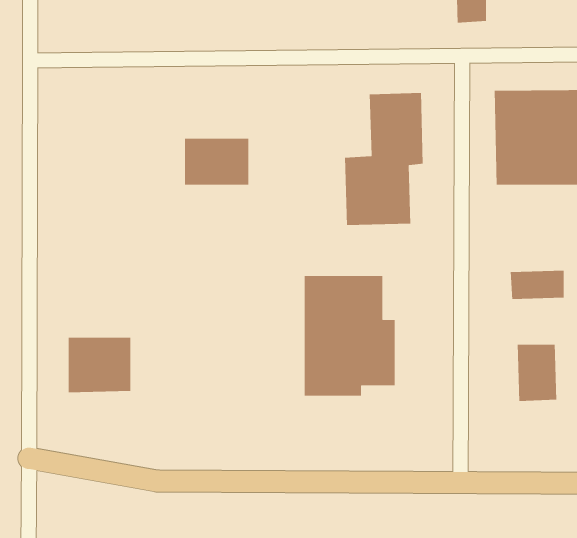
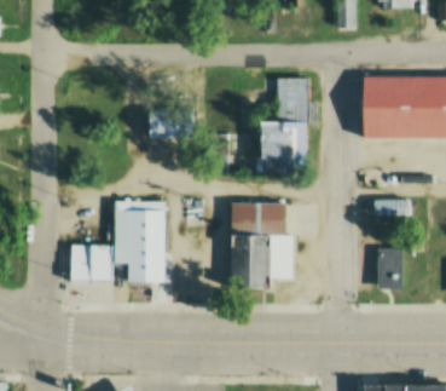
building: none -> [115,201,167,286]

